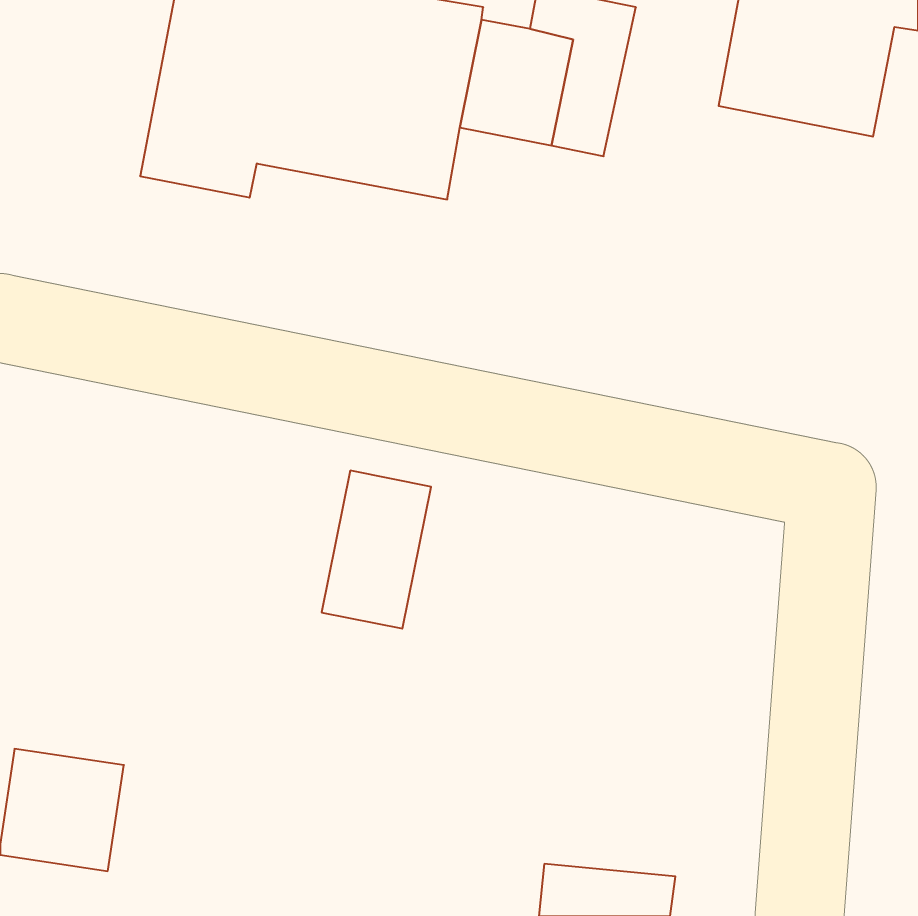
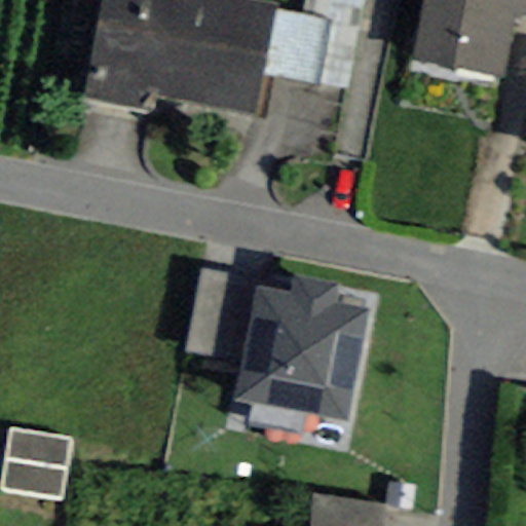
building: none -> [232,276,372,422]

